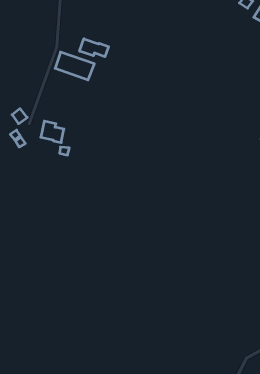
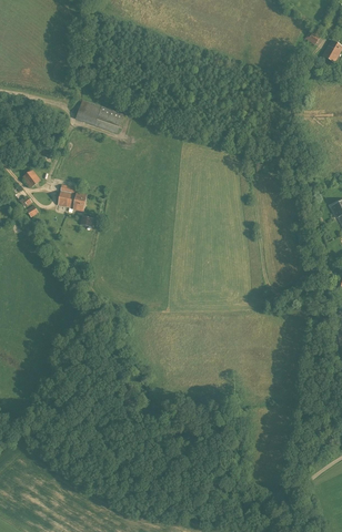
building: [80,39,109,57] -> none

